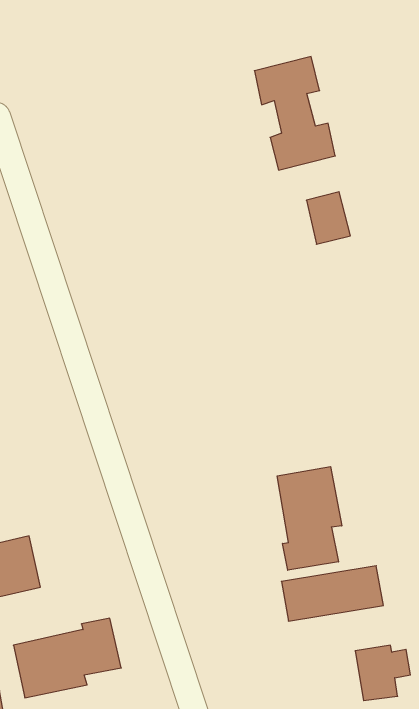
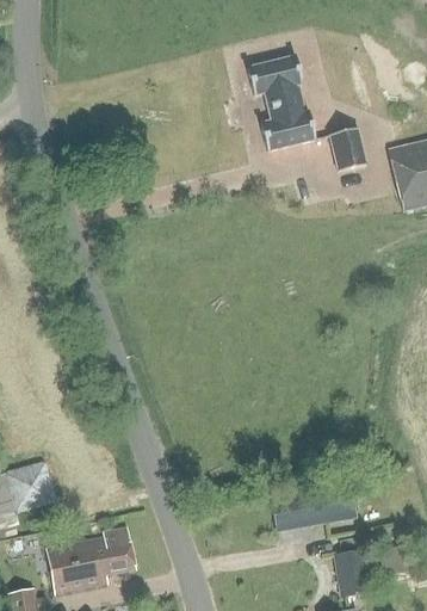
building: [306,192,350,244] -> [329,126,366,171]
building: [277,467,342,570] -> none

